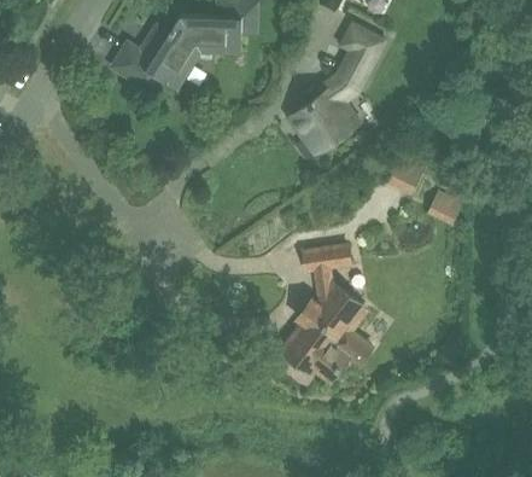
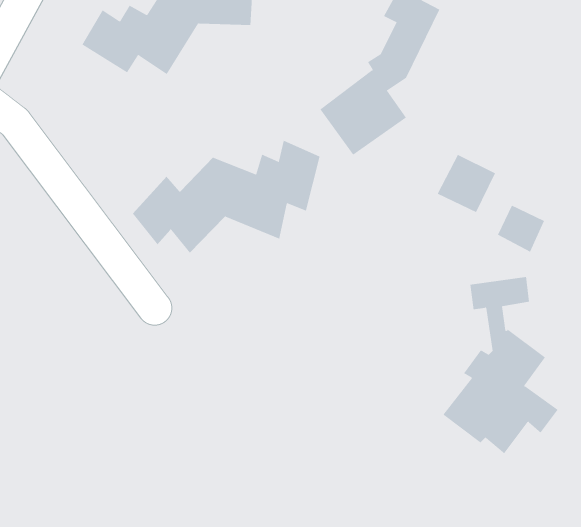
building: none -> [132,140,320,254]
building: [283,244,372,379] -> [443,276,558,454]

